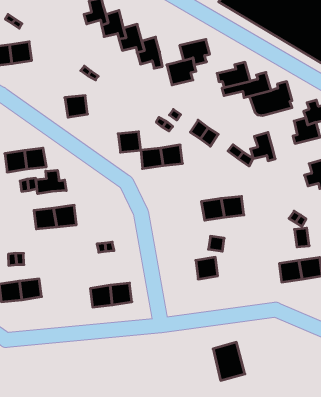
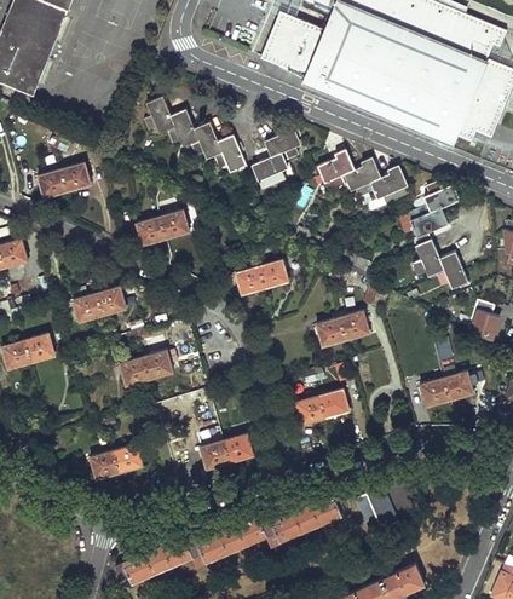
building: [118,132,141,152] -> [160,212,190,240]
building: [250,132,275,161] -> [413,241,444,275]
building: [36,170,66,194] -> none
building: none -> [298,396,327,424]
building: none -> [115,493,342,584]

